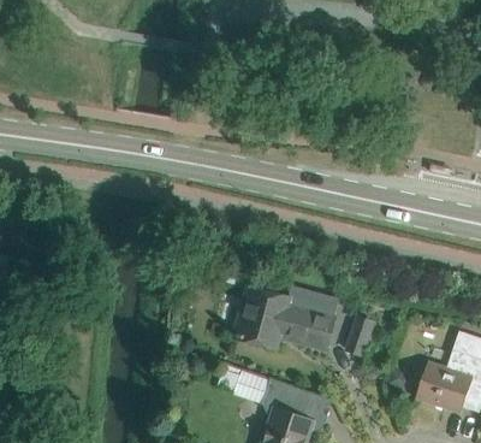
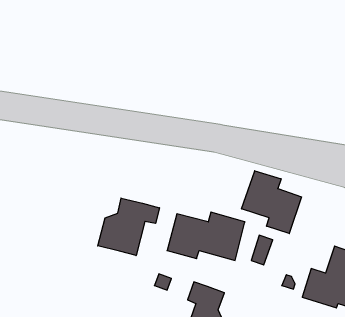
building: none -> [242,171,301,234]
building: none -> [98,198,159,256]

